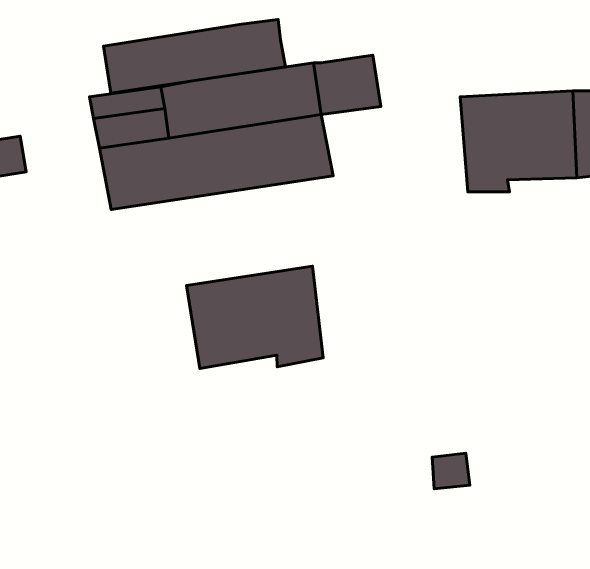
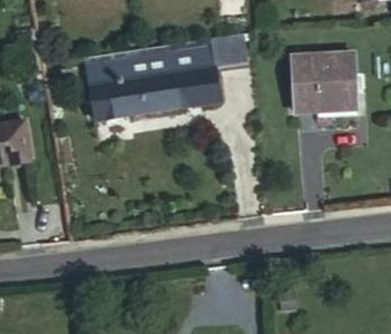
building: [103,20,285,93] -> none
building: [187,266,323,369] -> none

